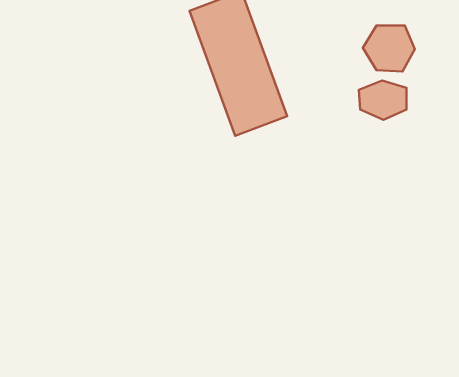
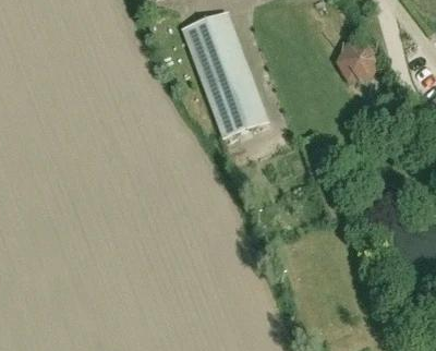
building: [359,80,407,120] -> none

